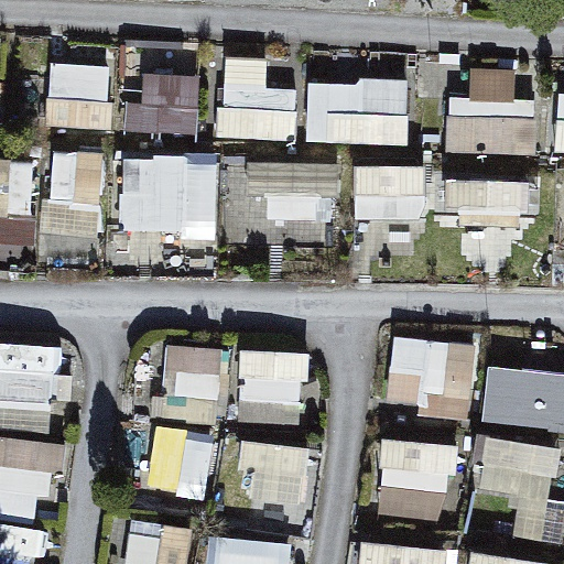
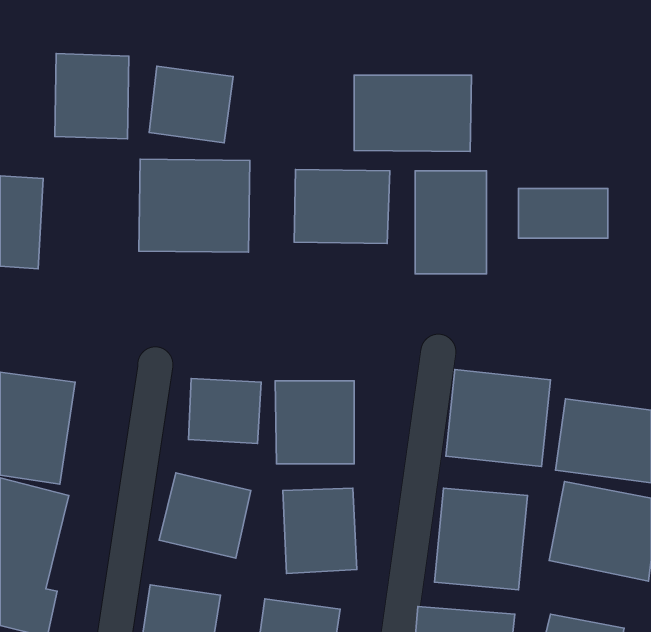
building: [220,61,297,144] -> none
building: [455,74,528,161] -> none
building: [46,151,101,238] -> none

